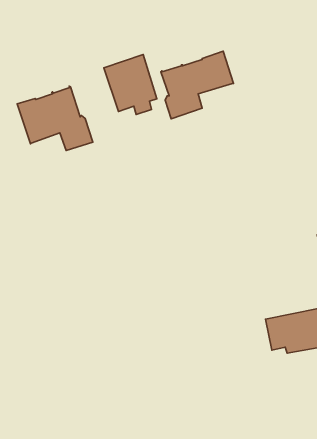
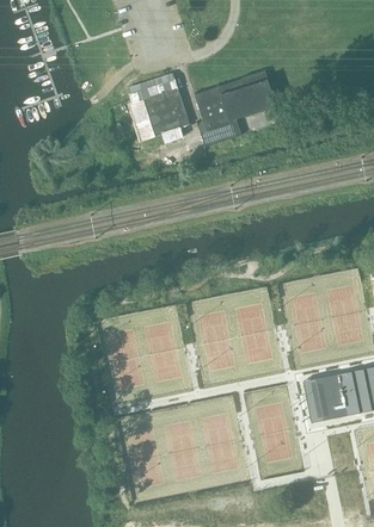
building: [17,86,93,151] -> none

